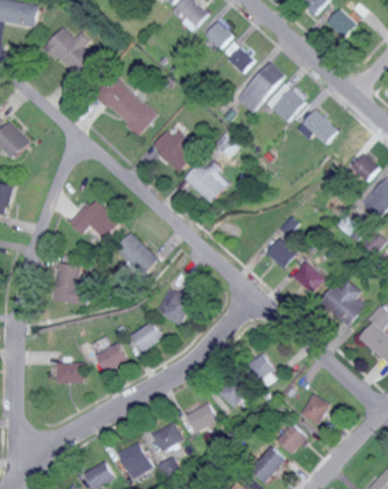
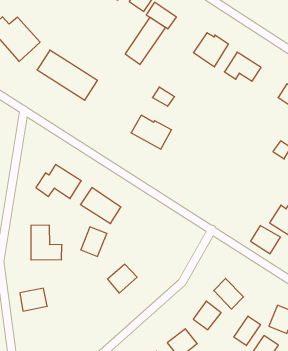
building: [235,62,284,112] -> [125,17,166,65]
building: [151,130,193,173] -> none
building: [266,239,296,269] -> none
building: [291,262,325,295] -> [251,226,281,254]
building: [162,291,193,324] -> [81,227,107,256]
building: [95,343,129,374] -> none
building: [55,362,82,383] -> [20,288,47,311]
building: none -> [234,316,260,346]

